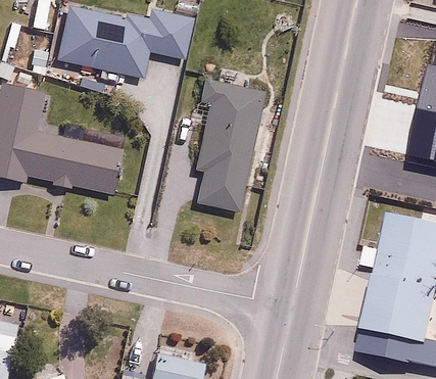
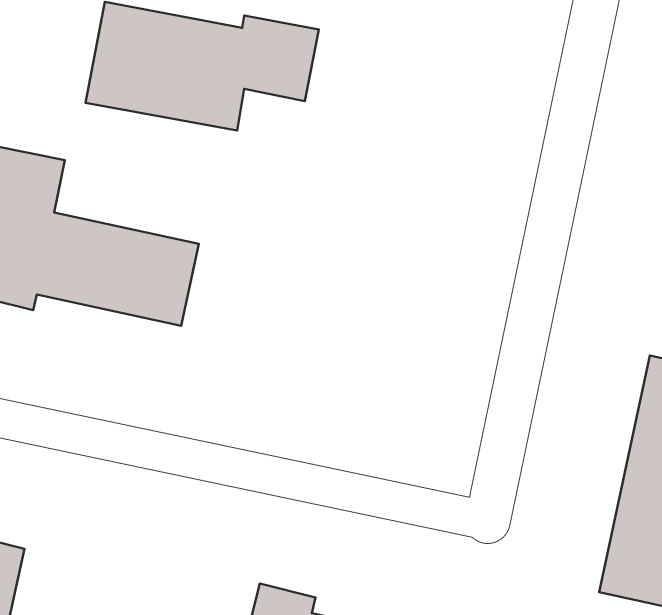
building: [194,82,264,214] -> none

